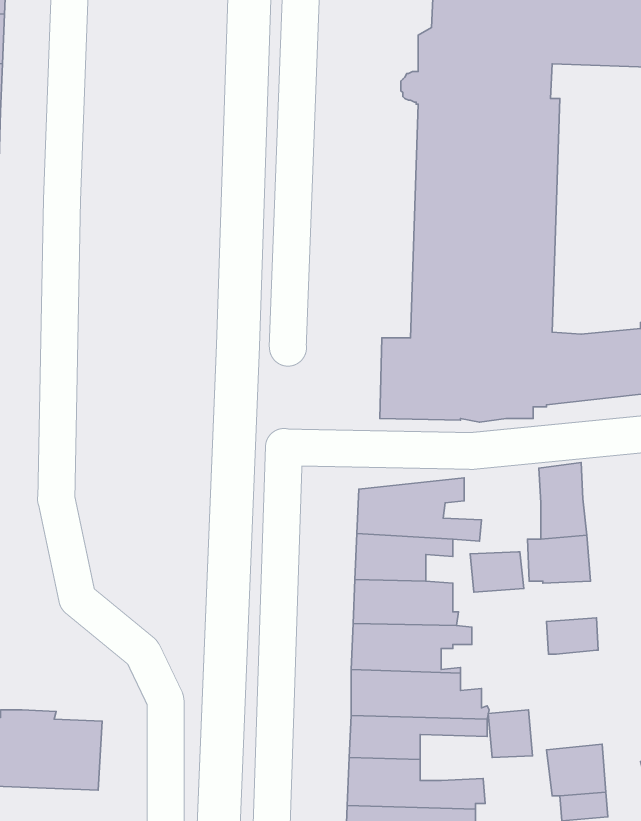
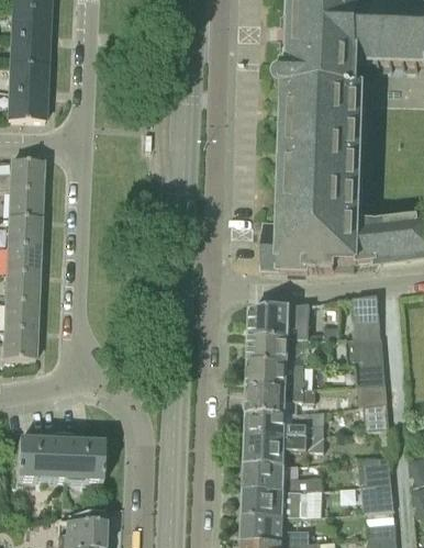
building: [470,552,524,592] -> [355,361,386,384]
building: [488,710,532,758] -> [362,401,388,428]

